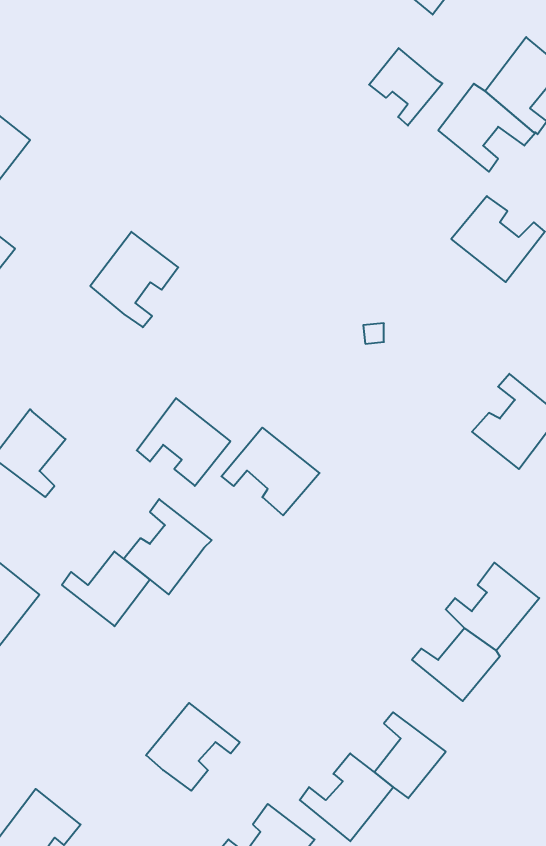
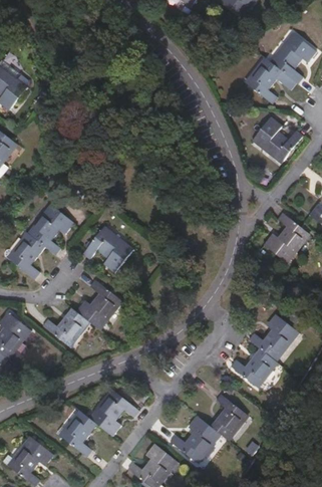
building: [369,48,442,126] -> none
building: [90,232,178,327] -> [27,203,74,254]
building: [221,428,320,515] -> none
building: none -> [59,410,97,456]

